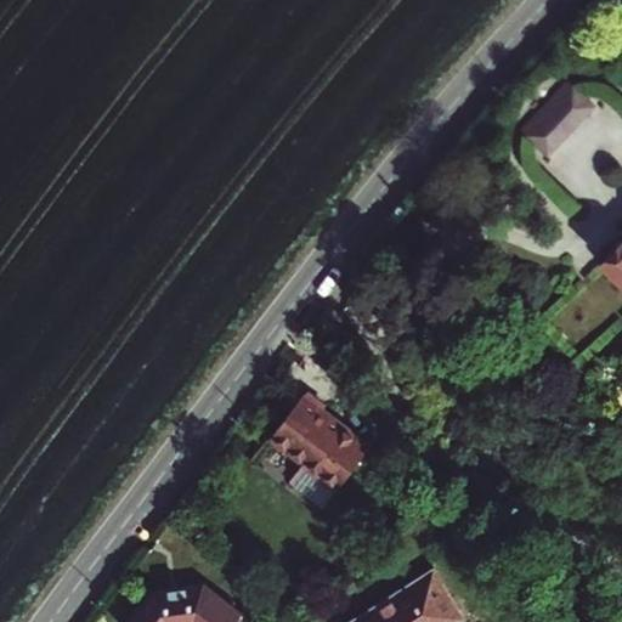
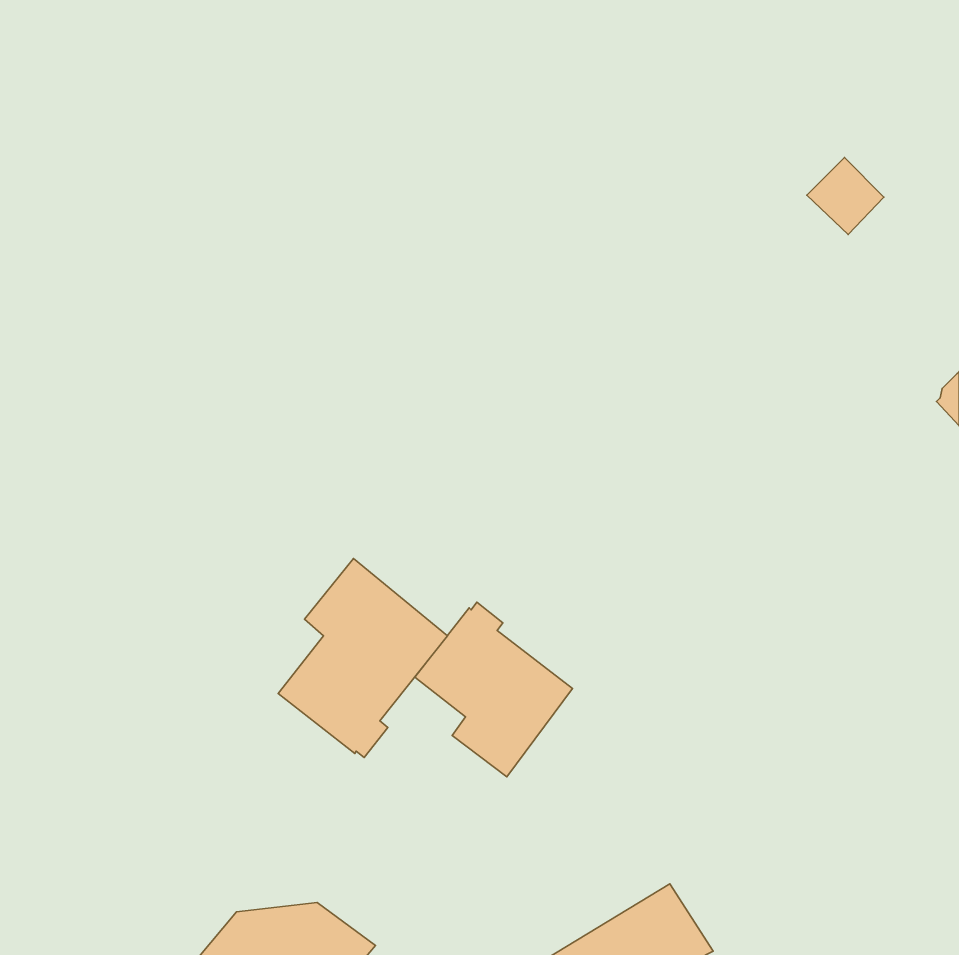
building: [547,80,596,130] -> none
building: none -> [278,558,447,758]

